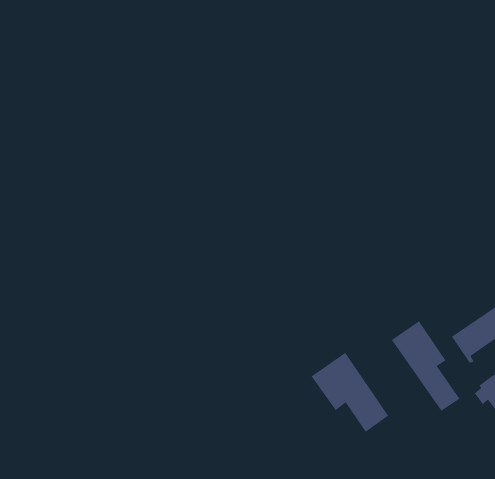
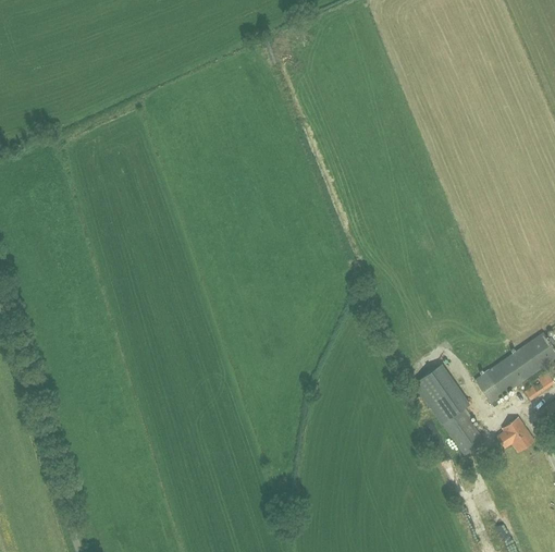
building: [310,352,389,433] -> none

